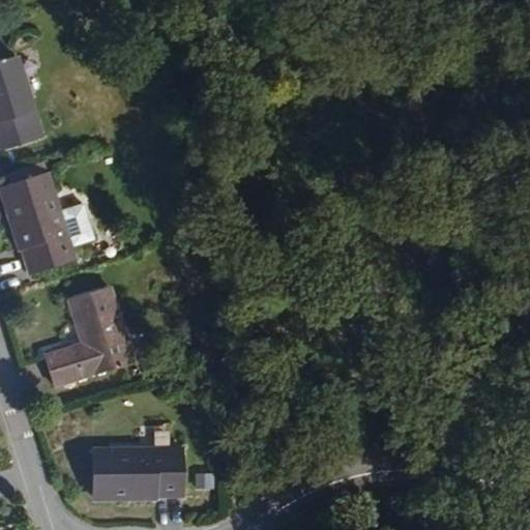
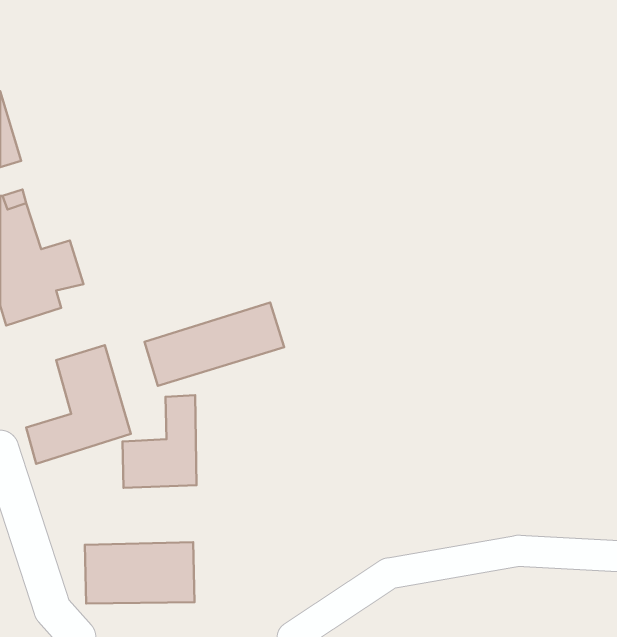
building: none -> [144,302,284,386]
building: none -> [123,395,196,488]

